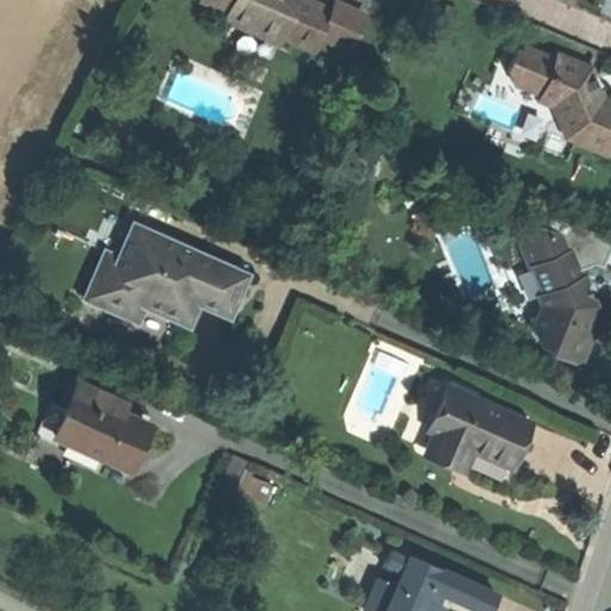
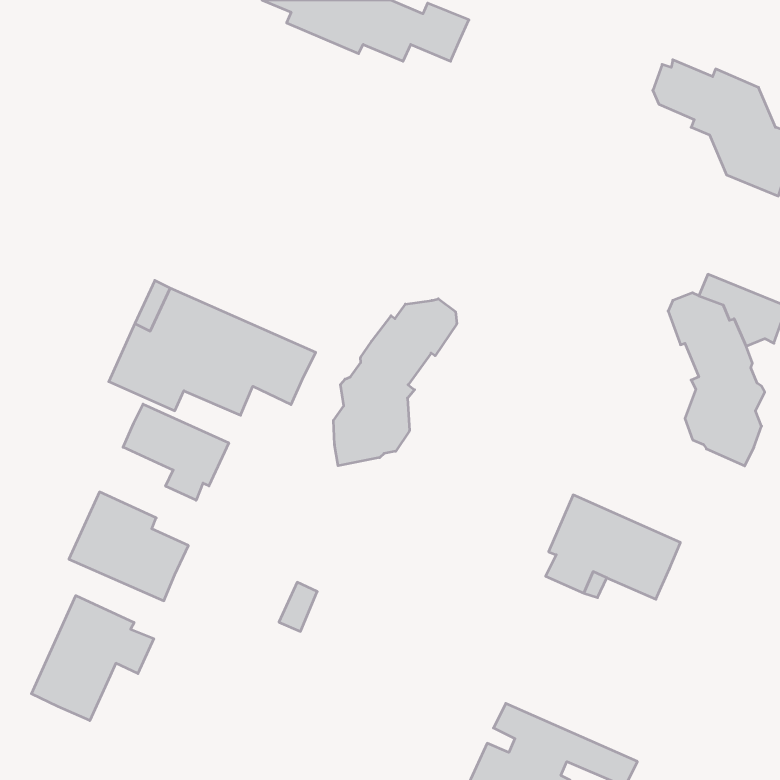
building: none -> [333,299,457,466]
building: none -> [123,404,229,500]
building: none -> [31,596,154,721]

